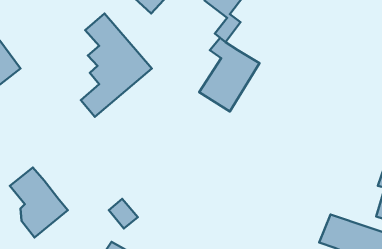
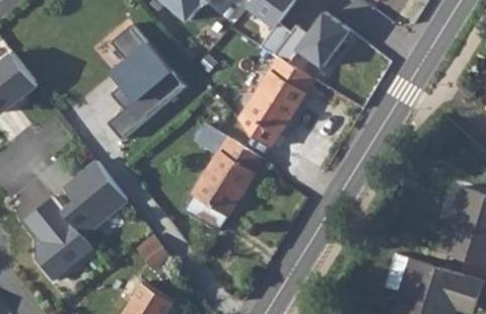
building: none -> [273,11,350,66]
building: none -> [182,125,262,233]
building: none -> [63,161,128,237]

